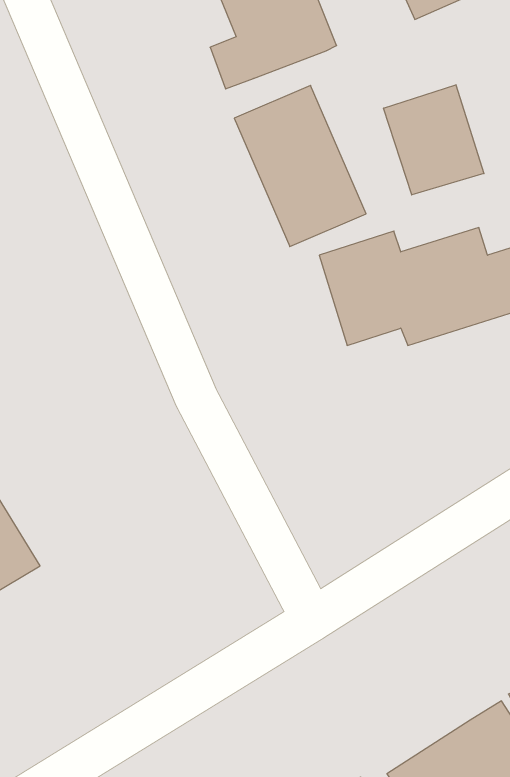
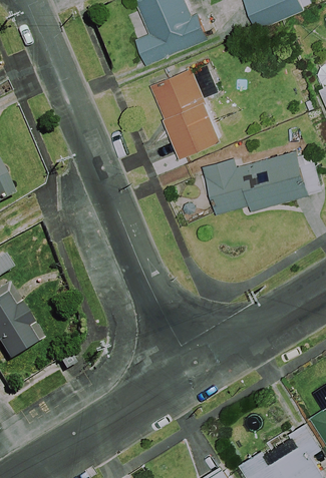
building: [384,85,484,195] -> none

